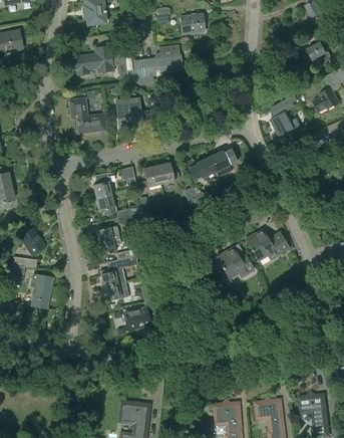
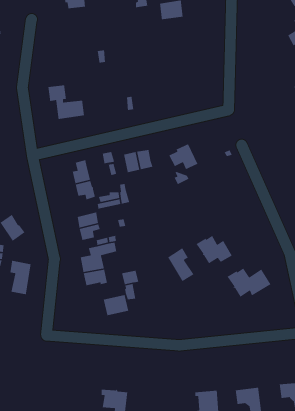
building: [75,45,112,75] -> none
building: [133,45,182,76] -> none
building: [267,94,296,138] -> none
building: [115,98,141,128] -> none
building: [209,149,237,178] -> none
building: [245,230,290,264] -> [226,267,272,302]
building: none -> [167,247,194,282]

